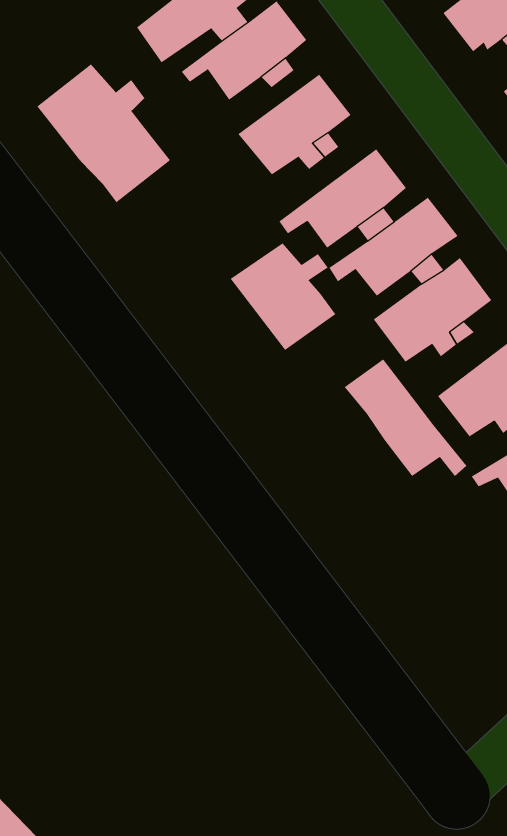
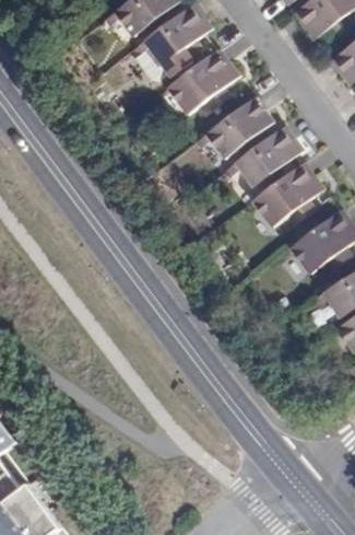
building: [36,63,171,203] -> none
building: [230,242,336,351] -> none
building: [344,358,467,477] -> none

